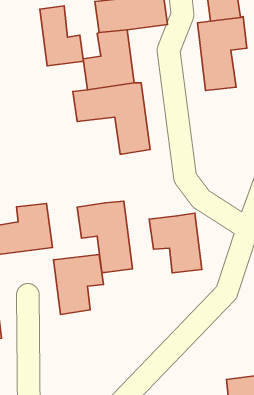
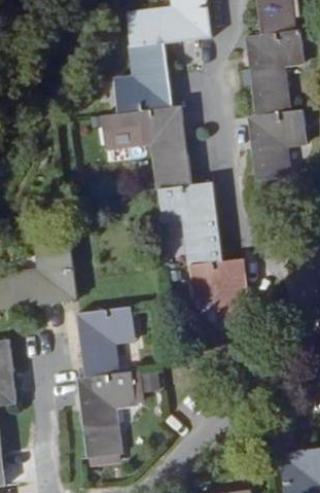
building: [40,6,84,66] -> none
building: none -> [247,109,308,181]
building: [77,201,132,272] -> [157,182,222,266]
building: none -> [77,369,143,458]

